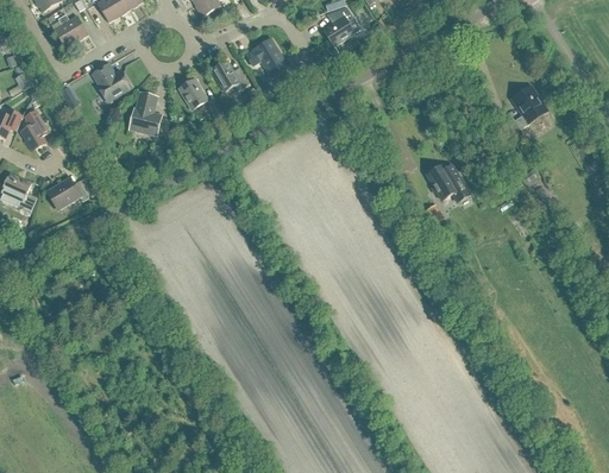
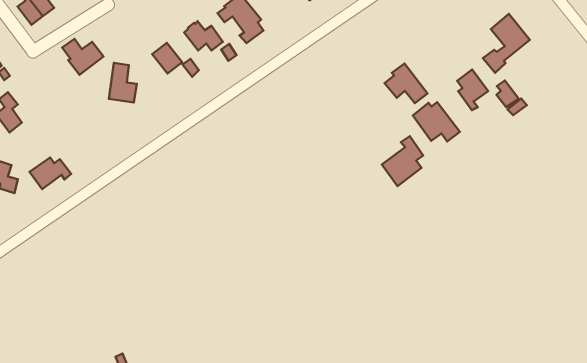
building: none -> [385,63,427,103]
building: none -> [457,69,488,110]
building: none -> [382,136,423,186]

